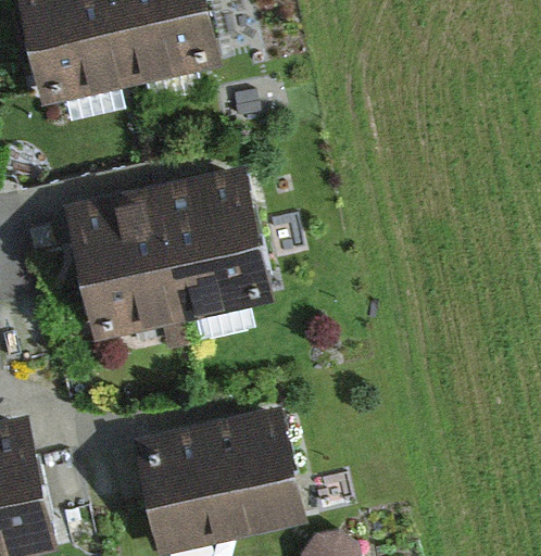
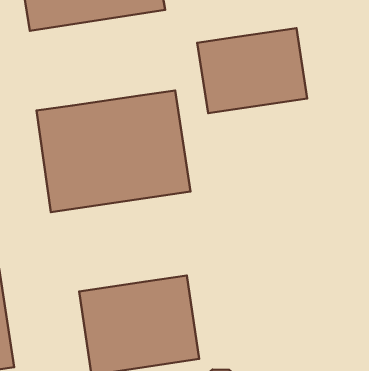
building: none -> [197,28,307,113]

